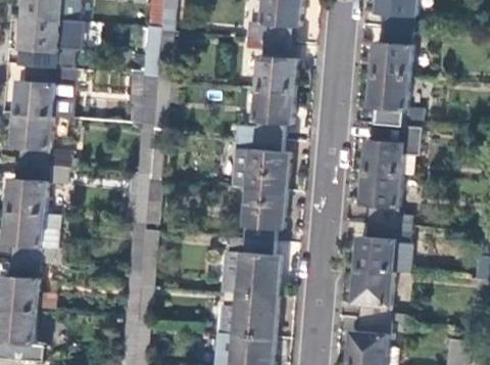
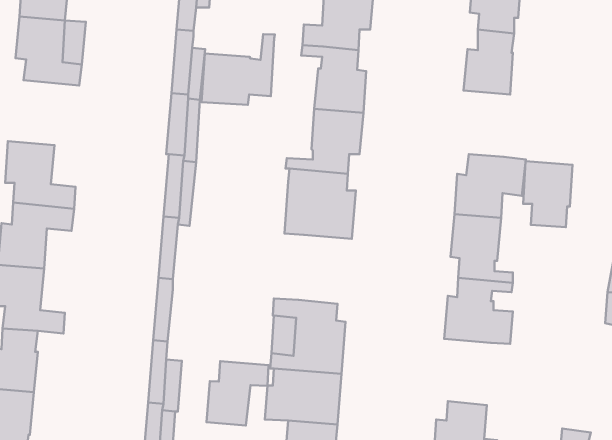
building: none -> [201,34,275,105]
building: [14,64,78,117] -> none
building: [371,73,409,125] -> [523,161,572,227]
building: [243,186,285,240] -> none
building: [354,268,394,320] -> none
building: none -> [206,361,269,426]

